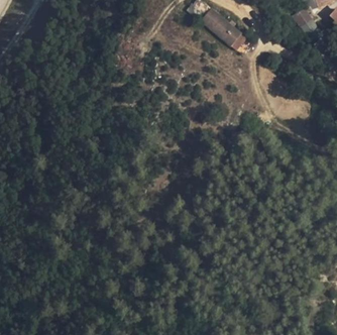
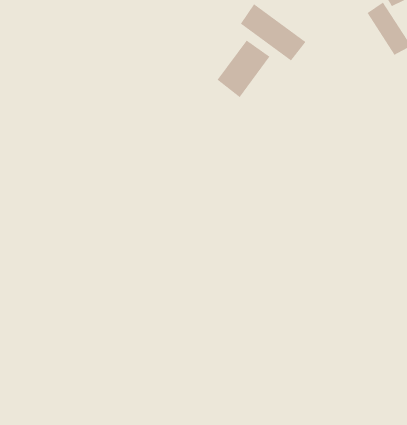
building: none -> [217,40,271,98]

